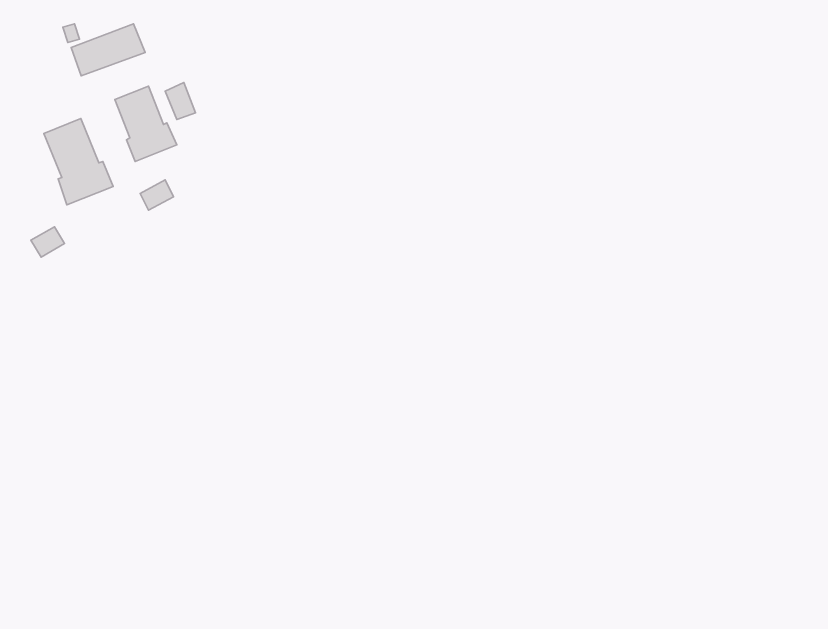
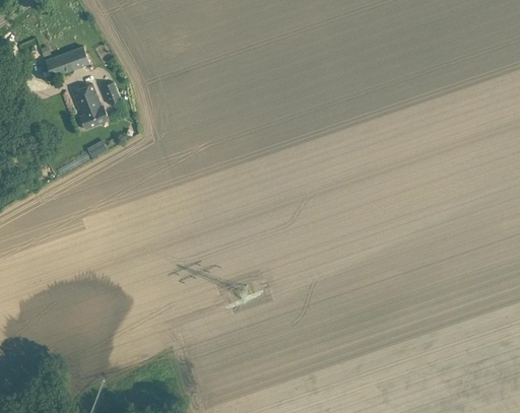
building: [44,119,113,205] -> none

